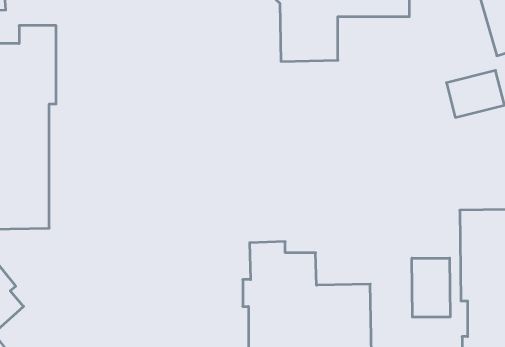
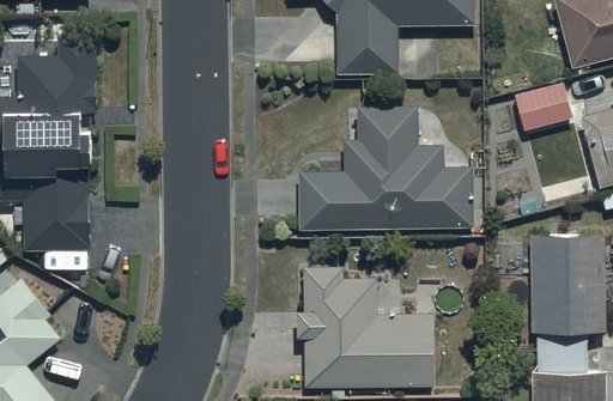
building: none -> [298,105,473,230]
building: [412,258,450,317] -> none

